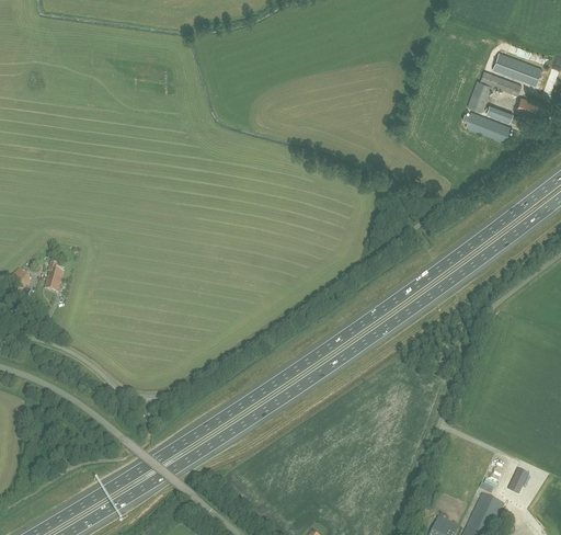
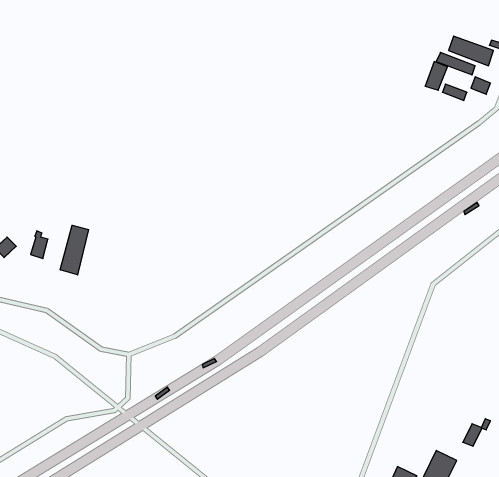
building: [465,111,510,141] -> none
building: none -> [60,225,88,275]

